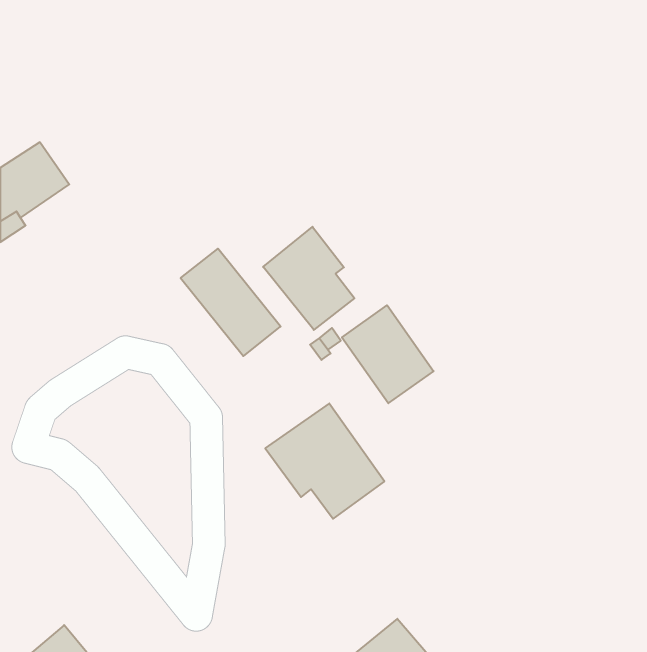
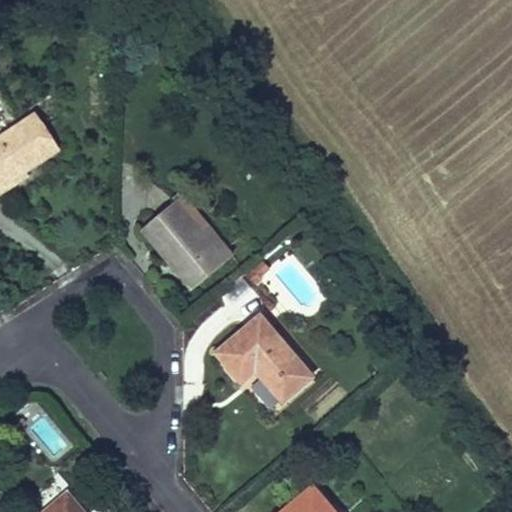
building: [263,227,354,330] -> none
building: [342,305,434,403] -> none

